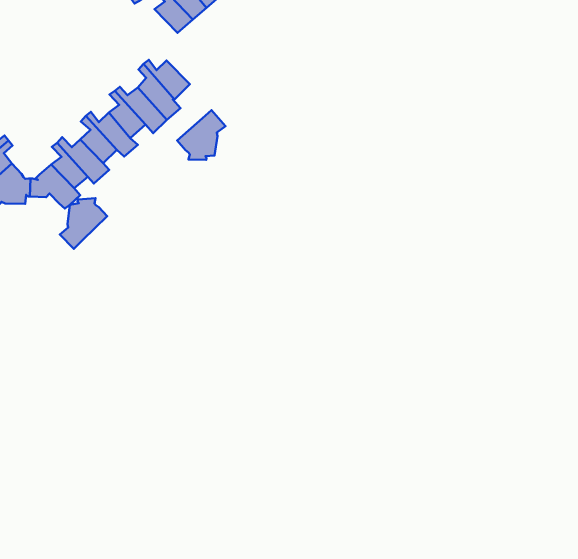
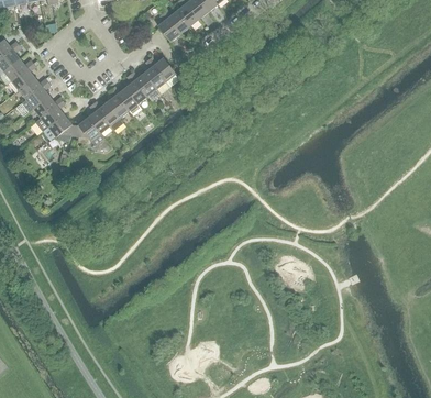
building: [177,110,225,160] -> none
building: [60,198,107,249] -> none

